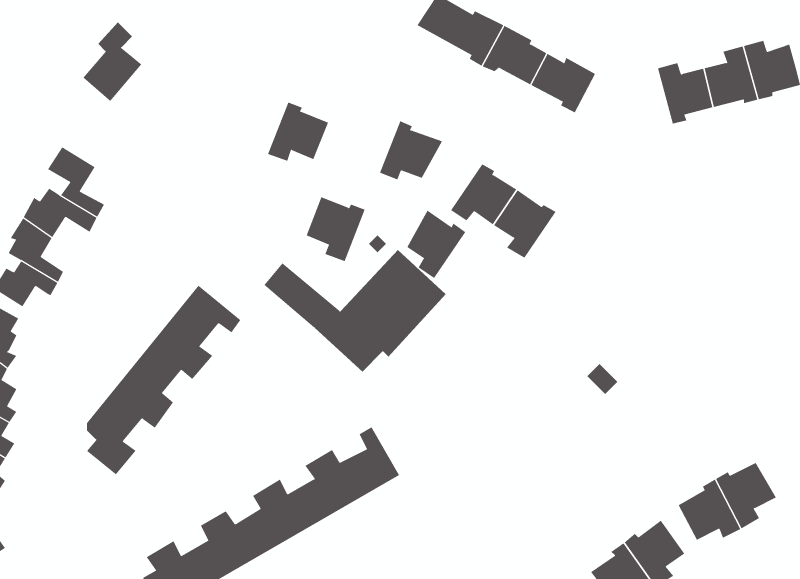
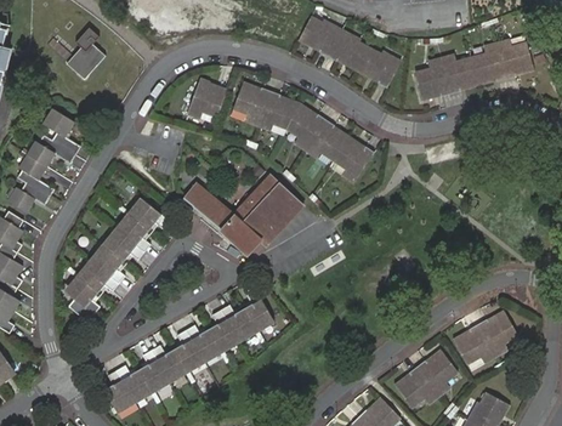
building: none -> [413,57,449,98]
building: [306,196,366,262] -> [233,83,272,125]
building: [407,210,466,279] -> [286,104,325,149]

